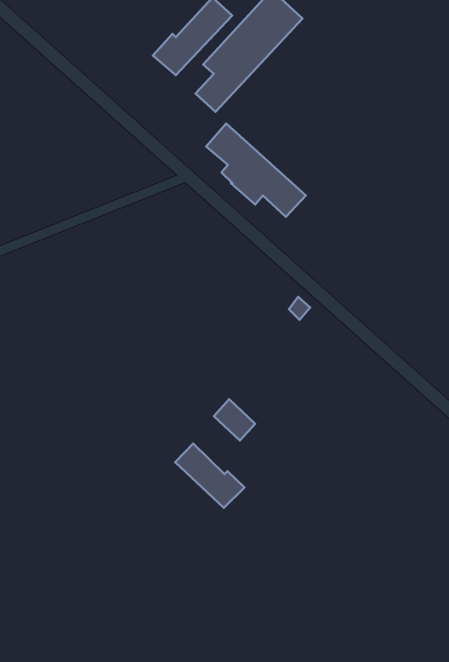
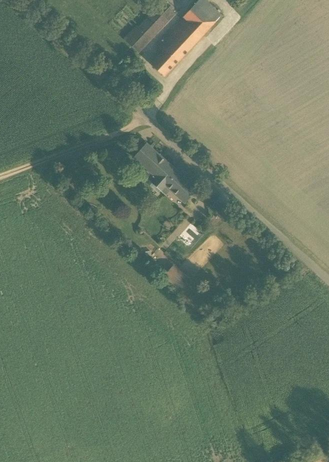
building: [206,124,306,217] -> [133,142,198,203]
building: [175,444,244,508] -> none

